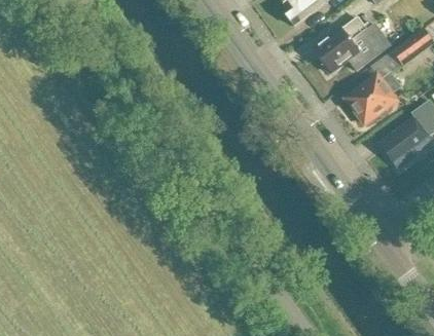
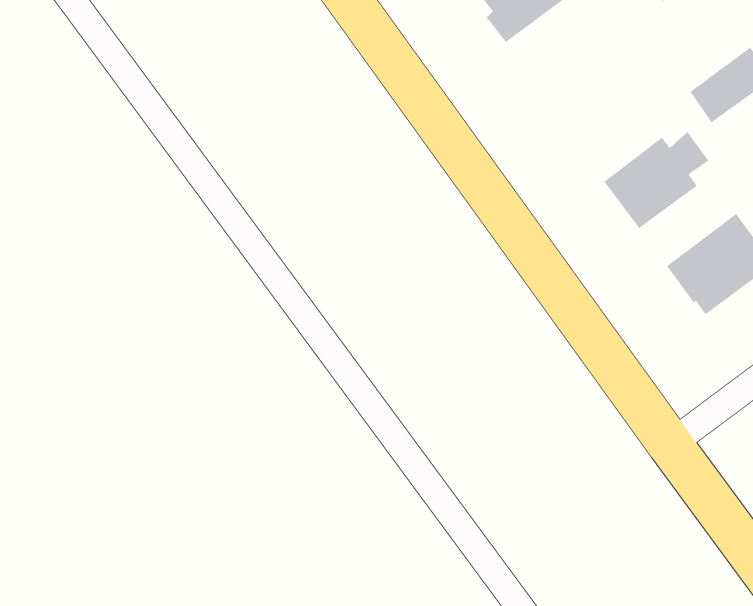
building: [314,15,392,71] -> none

